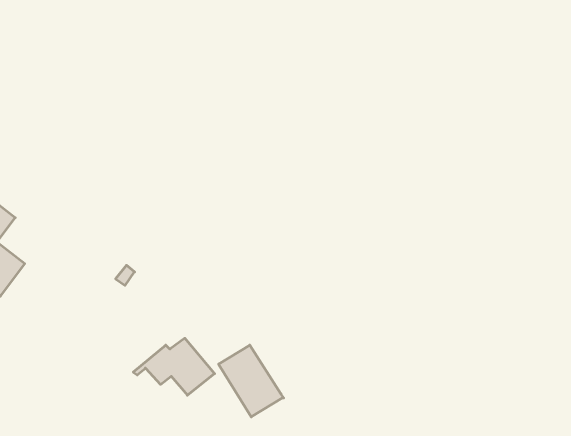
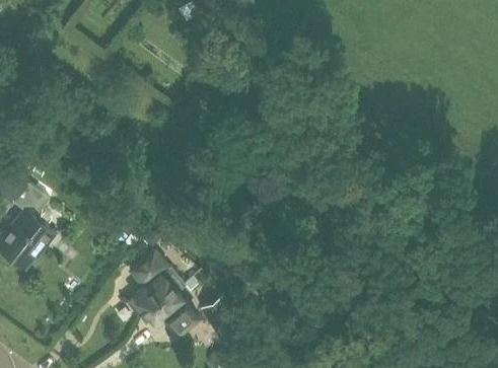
building: none -> [125,253,173,316]

